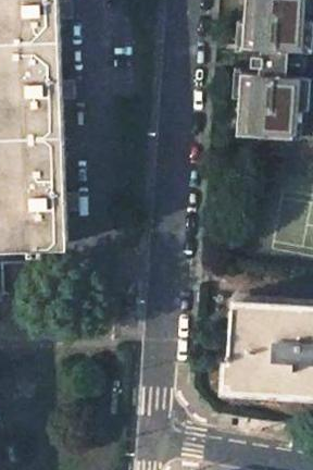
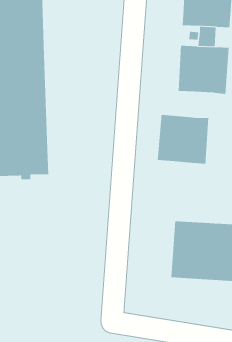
building: none -> [157,114,209,165]

